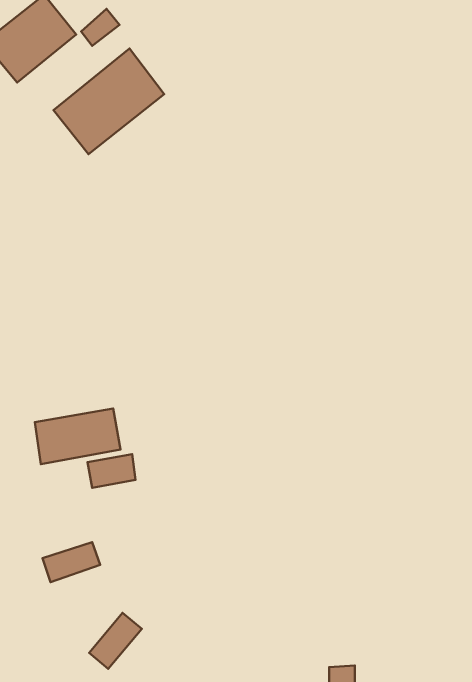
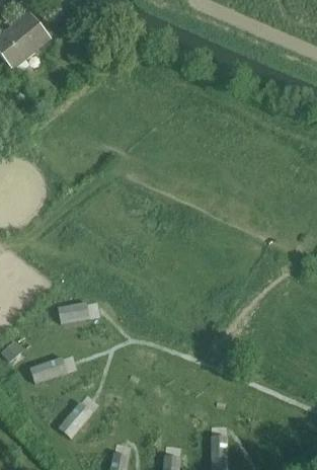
building: [53,49,164,154] -> none
building: [35,409,121,464] -> none

